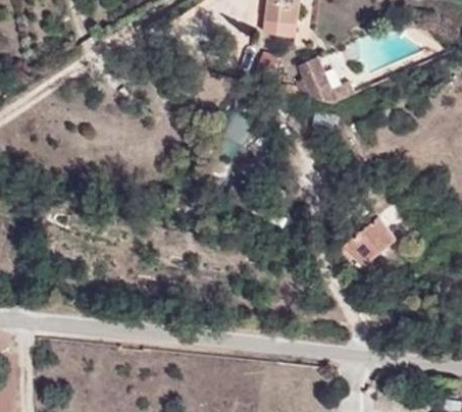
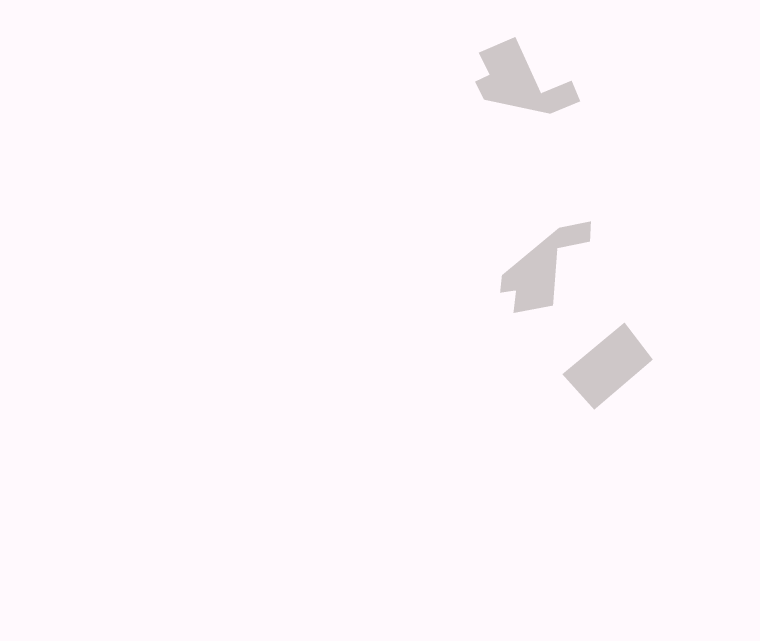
building: none -> [499,221,592,314]

